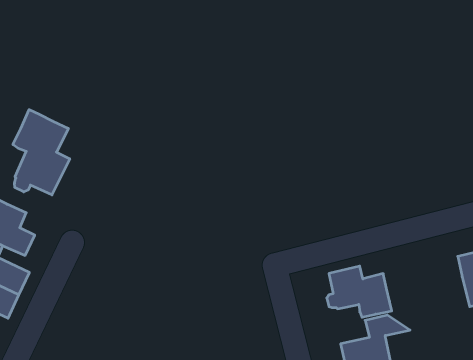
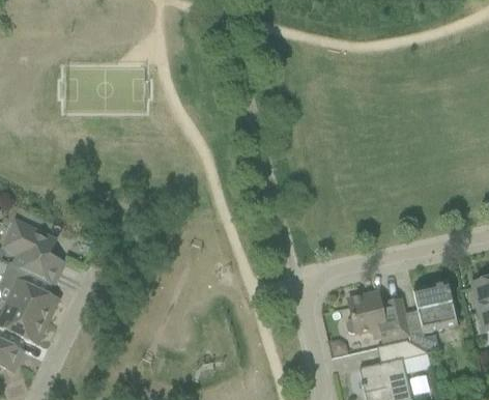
building: [13,110,70,195] -> none
building: none -> [407,281,457,351]

